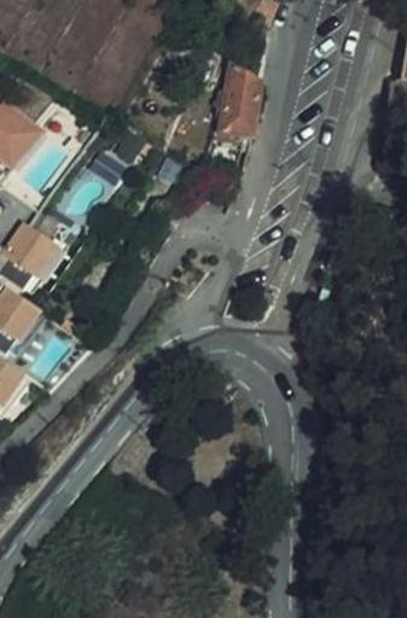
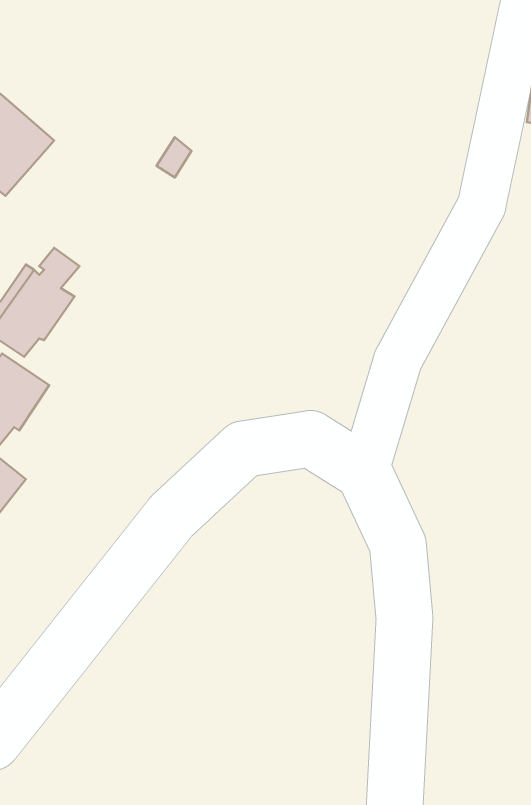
building: [213,63,261,141] -> none

